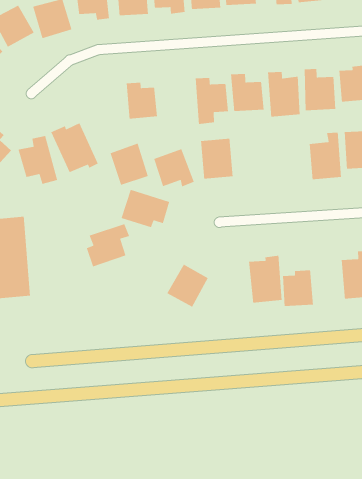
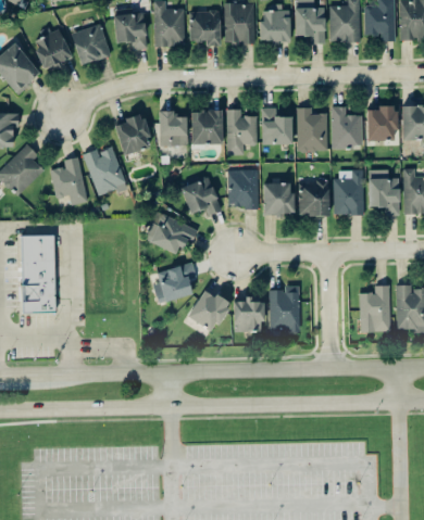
building: none -> [191,111,223,144]
building: [110,142,149,186] -> [114,113,151,154]
building: none -> [298,181,329,216]
building: none -> [263,182,294,215]
building: [86,223,130,268] -> [153,263,197,304]
building: [282,269,314,307] -> [234,296,263,331]

